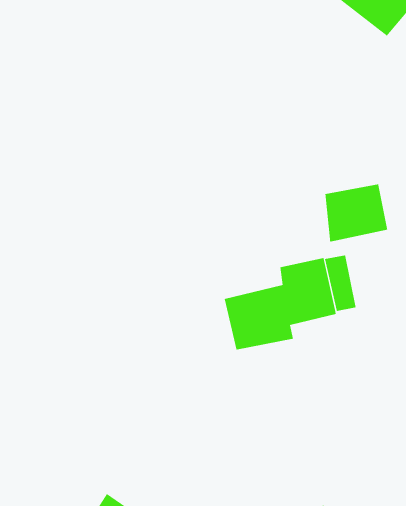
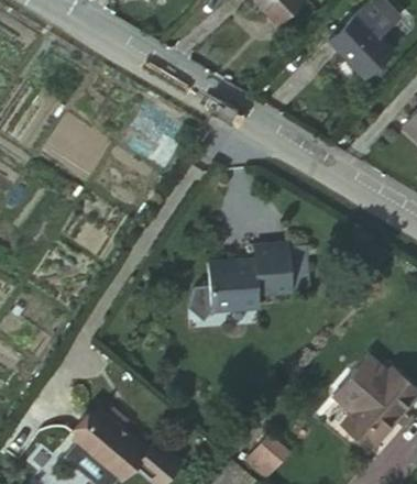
building: [325,183,388,242] -> none

